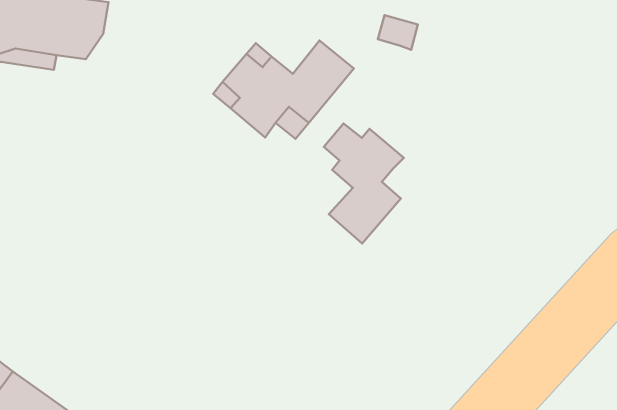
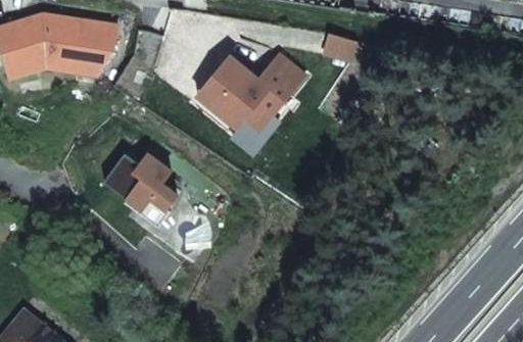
building: [324,123,404,243] -> none
building: none -> [103,154,176,228]

